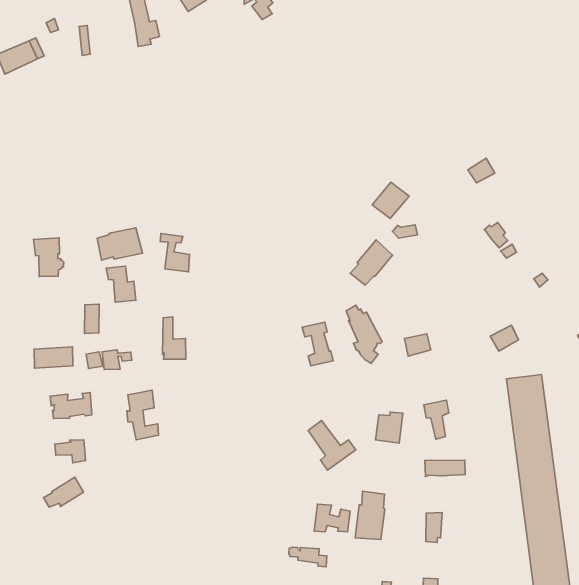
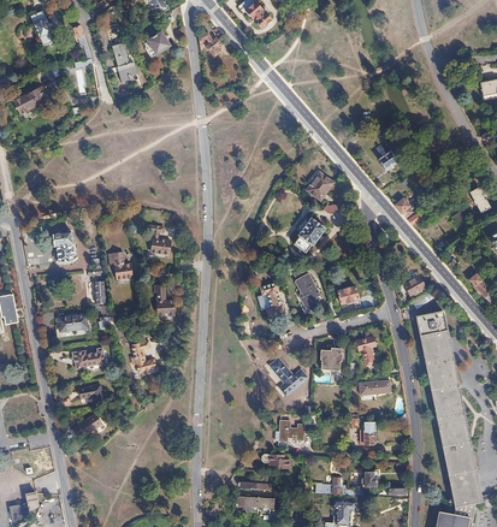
building: [97,228,143,260] -> none
building: [355,491,385,540] -> none

